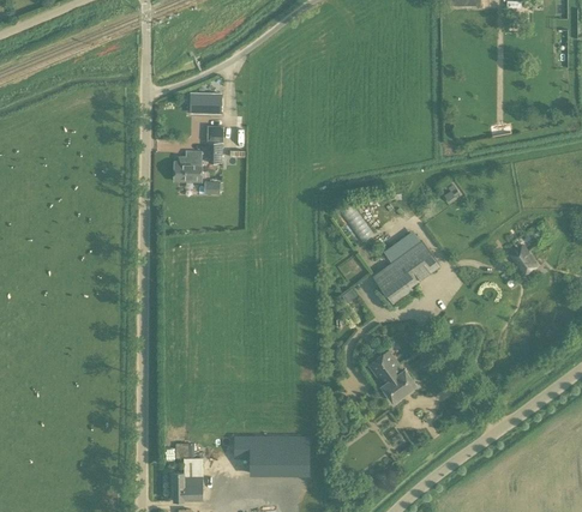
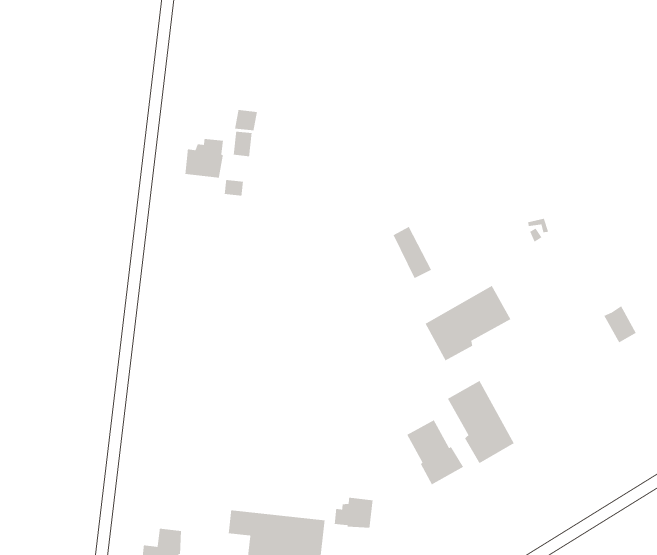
building: [190,92,222,113] -> none
building: none -> [447,380,515,464]
building: none -> [334,497,373,528]

